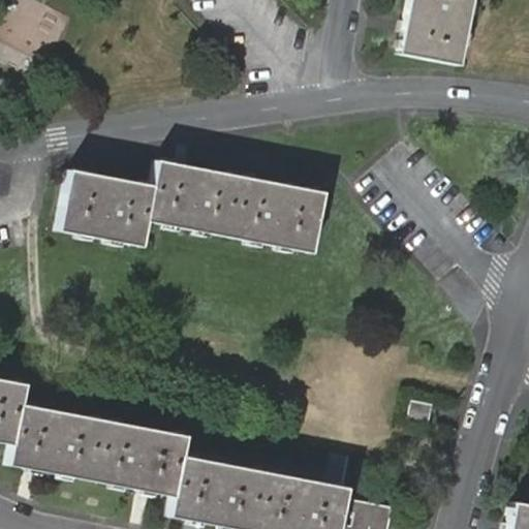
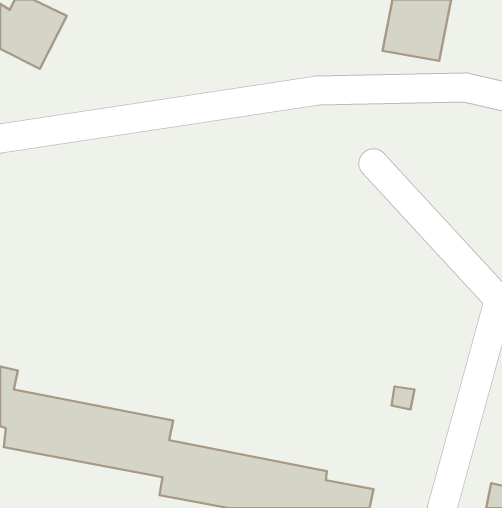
building: [62,162,324,251] -> none

